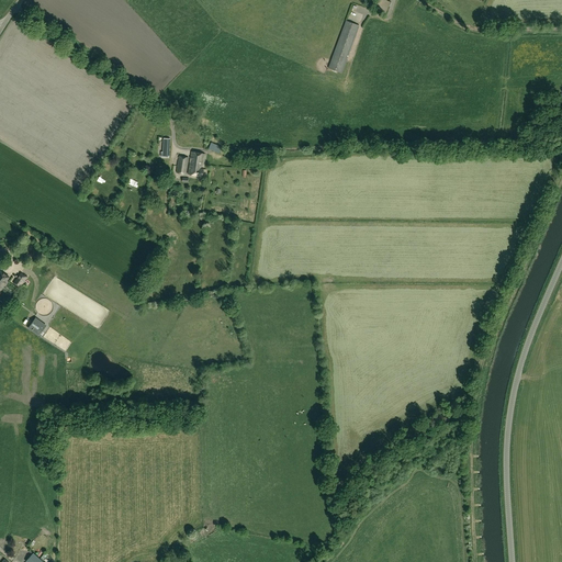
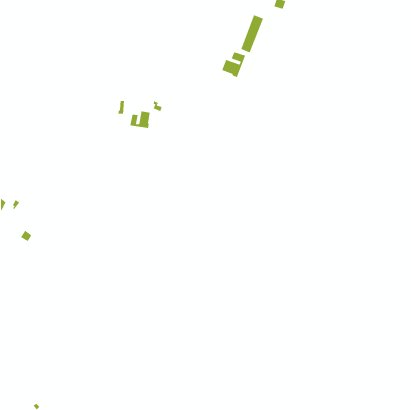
building: none -> [221,51,246,78]

